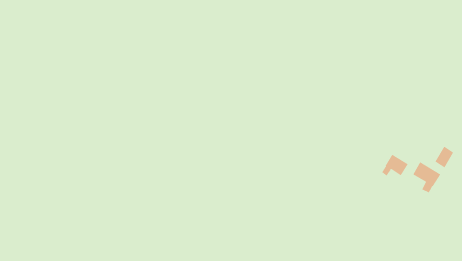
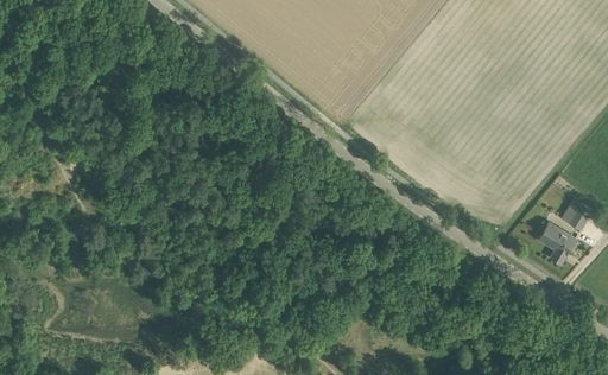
building: [381,154,409,176] -> none

